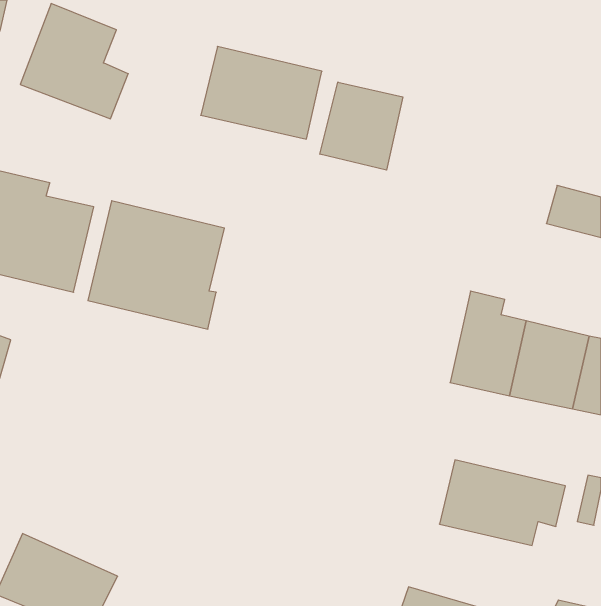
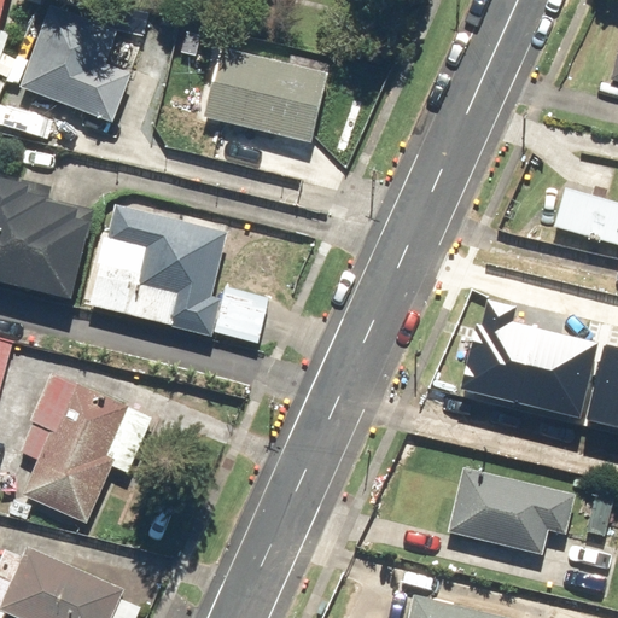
building: [320,82,403,170] -> none
building: none -> [214,287,269,344]
building: none -> [17,374,127,524]

